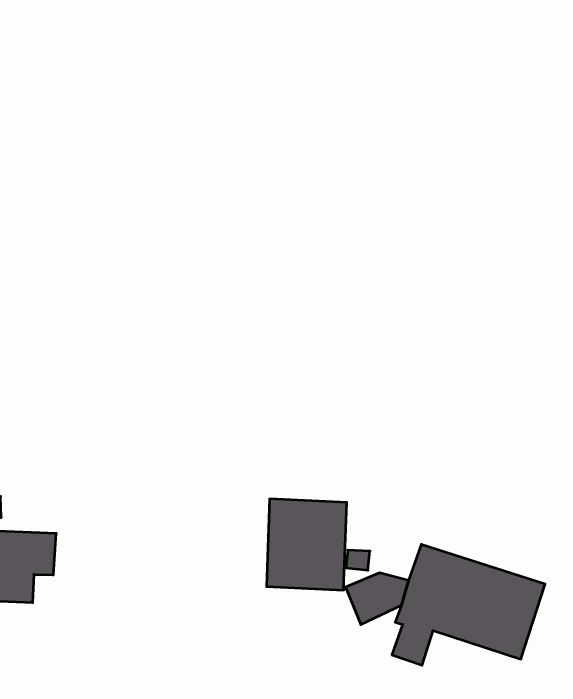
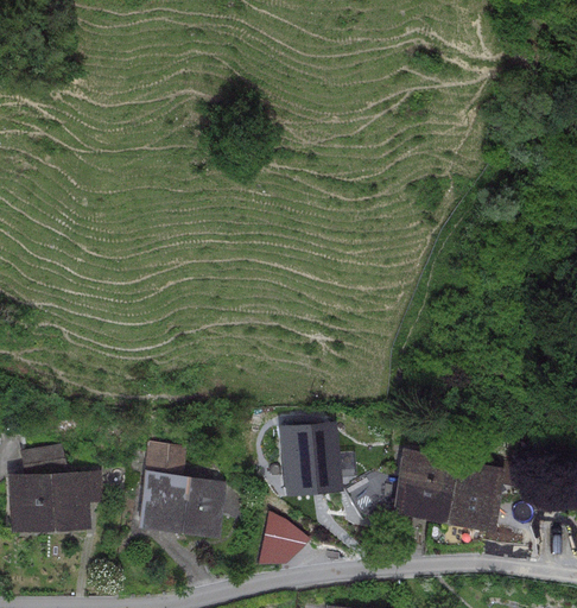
building: none -> [140,443,229,538]
building: none -> [258,513,310,565]

